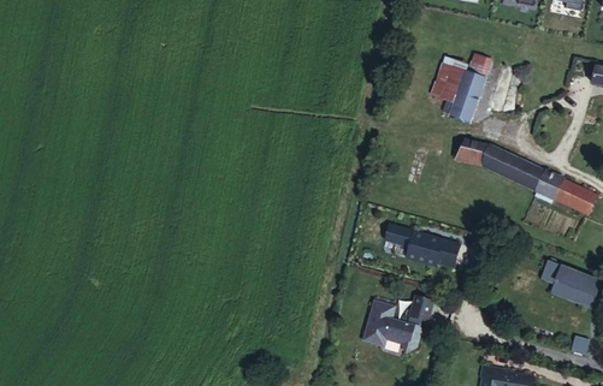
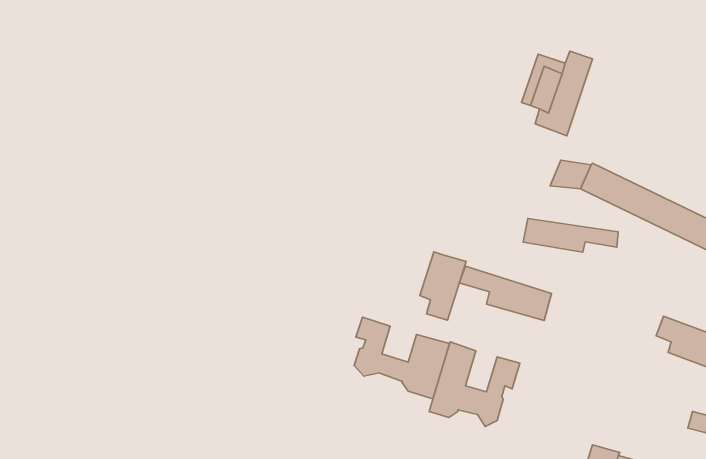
building: none -> [523,218,618,252]
building: none -> [420,252,466,320]
building: none -> [354,317,450,399]

